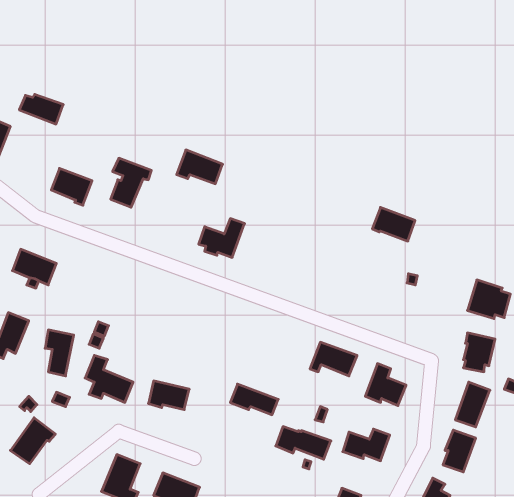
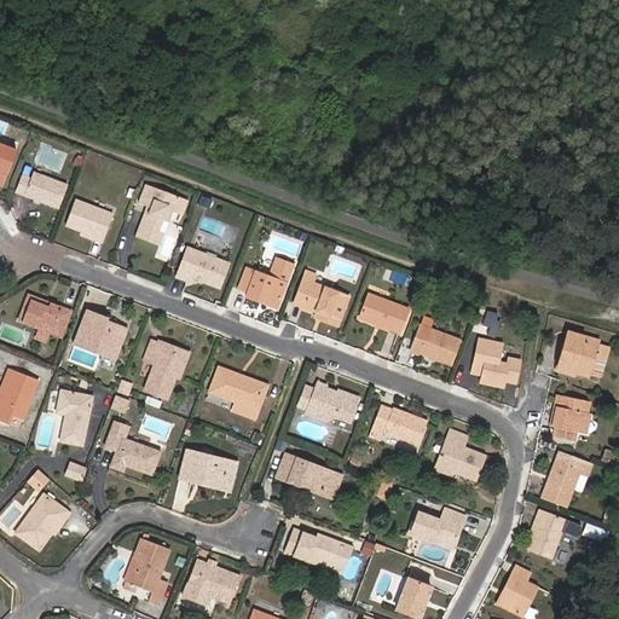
building: [19,94,63,124] -> [16,173,68,208]
building: [177,150,223,184] -> [175,248,230,288]
building: [372,207,415,241] -> [410,325,461,365]
building: none -> [294,277,349,325]
building: none -> [360,294,409,332]
building: none -> [75,311,127,359]
building: none -> [474,339,520,387]
building: none -> [145,341,184,398]
building: none -> [210,368,262,418]
building: none -> [299,386,359,422]
building: [276,427,331,459] -> [287,530,352,568]

